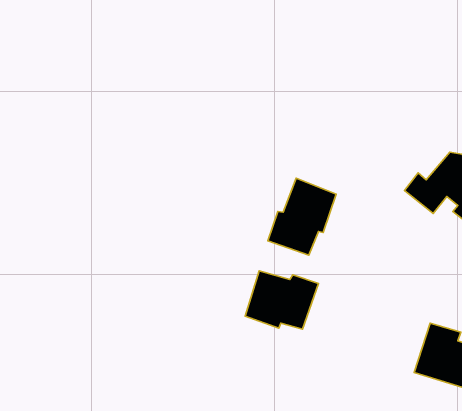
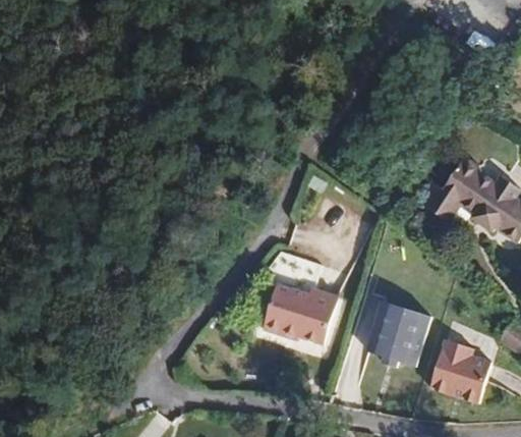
building: [268,178,336,255] -> none
building: none -> [363,296,430,366]

